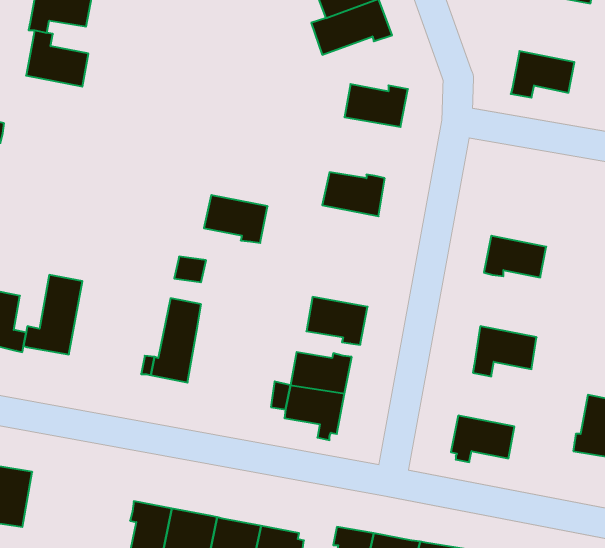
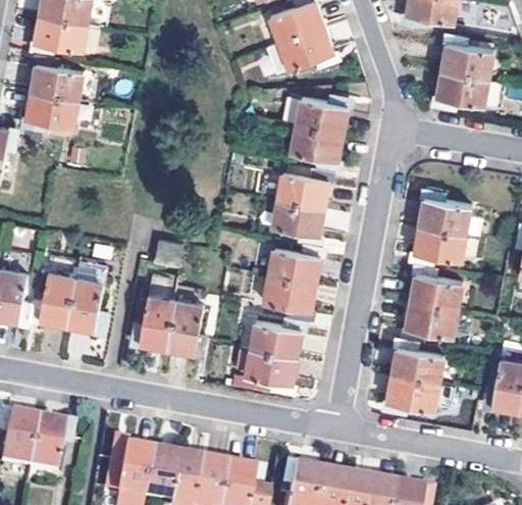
building: none -> [441,35,492,82]
building: none -> [24,93,77,129]
building: none -> [292,128,343,167]
building: none -> [418,190,480,238]
building: [204,195,268,243] -> [271,201,324,241]
building: none -> [269,251,320,286]
building: none -> [66,264,104,331]
building: none -> [409,271,461,311]
building: none -> [165,302,202,354]
building: none -> [390,340,442,386]
building: none -> [28,423,66,474]

